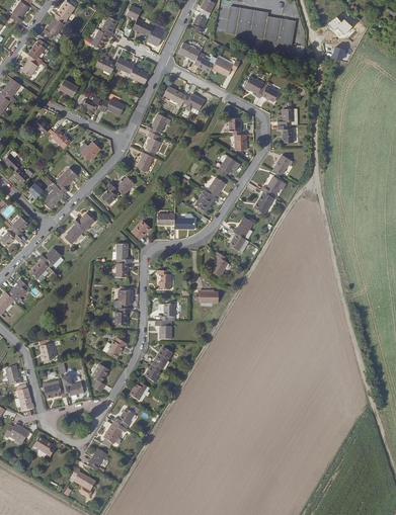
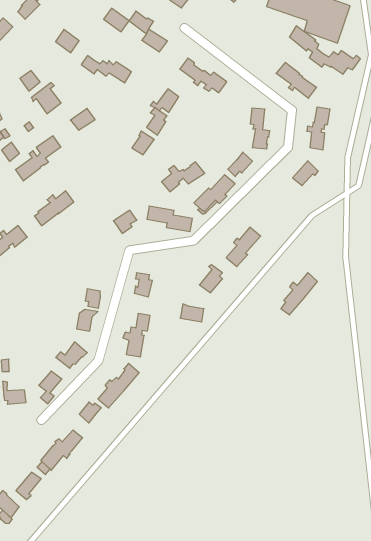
building: [178,41,240,75] -> [289,26,360,74]
building: [101,175,136,203] -> [162,162,205,192]
building: [256,175,283,212] -> [281,273,317,315]
building: [116,242,132,276] -> none

